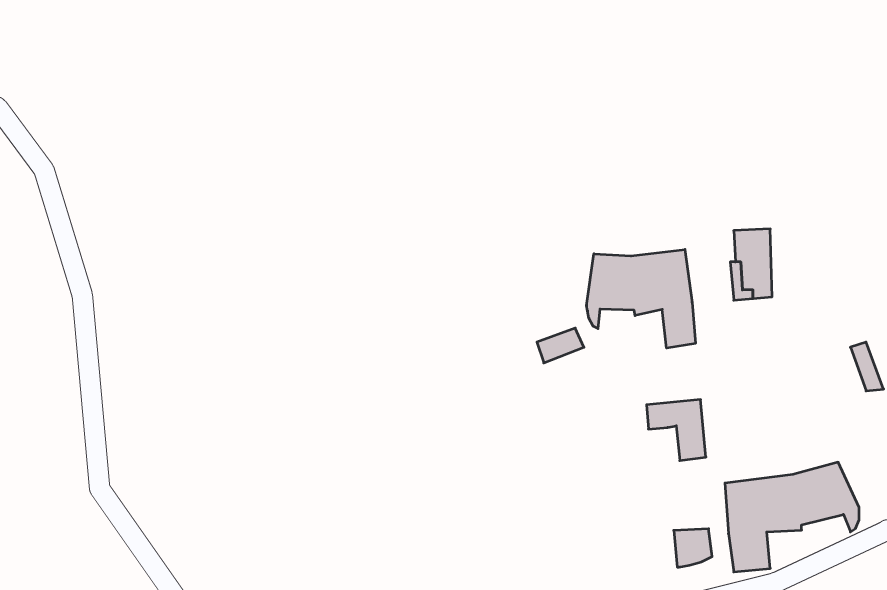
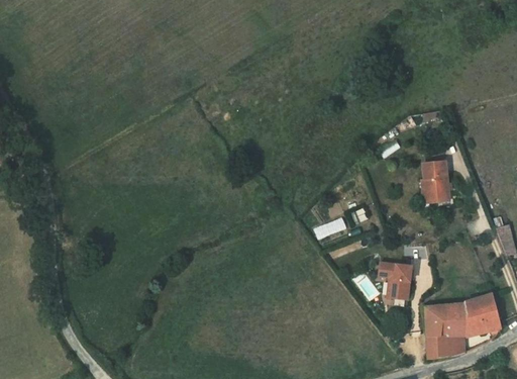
building: [587,249,695,348] -> none
building: [674,529,712,567] -> [446,336,469,358]

